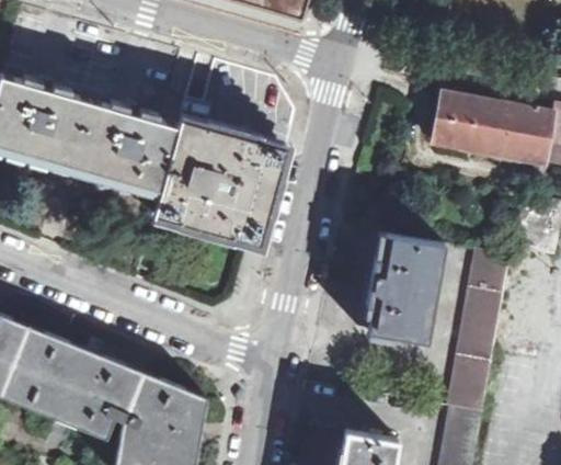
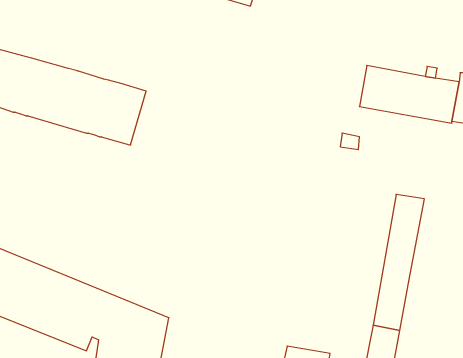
building: [152,118,284,241] -> none
building: [364,235,446,343] -> none

